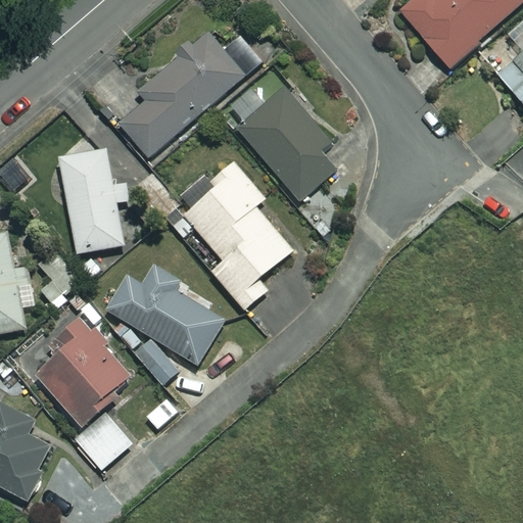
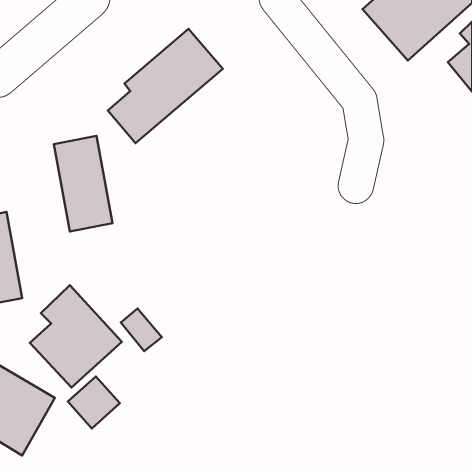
building: [238,87,335,201] -> none
building: [172,161,292,310] -> none
building: [108,271,226,365] -> none

